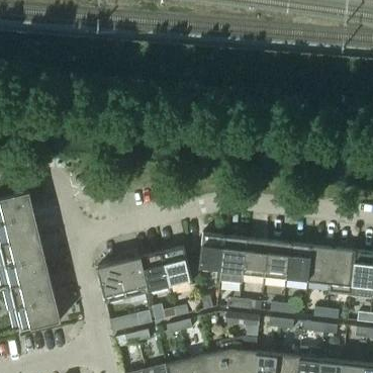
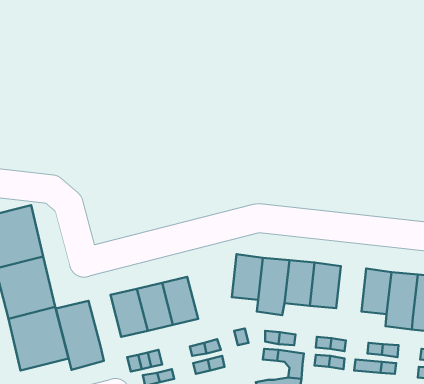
building: [286,243,311,281] -> none
building: [161,246,192,287] -> none
building: none -> [56,301,104,370]

